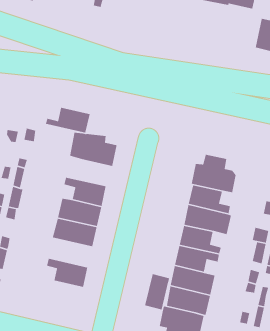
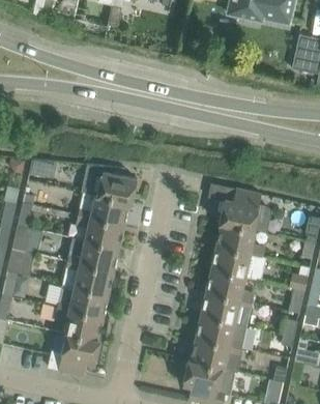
building: [45,107,92,133] -> [77,195,130,225]
building: none -> [57,284,108,317]
building: [144,273,170,310] -> none
building: none -> [48,333,99,375]

